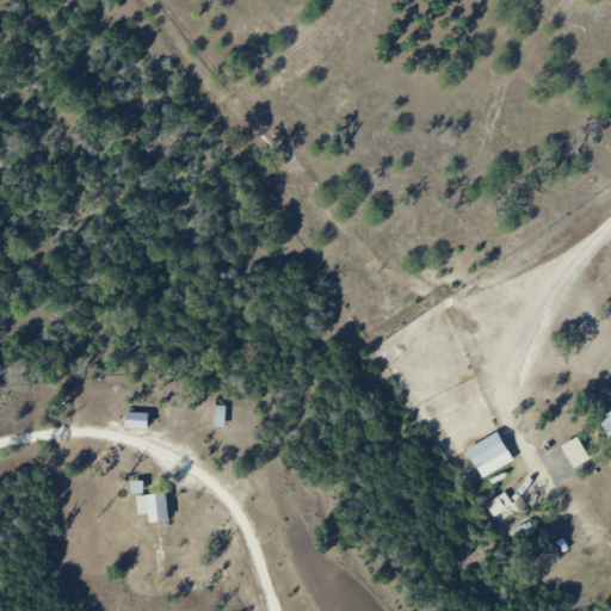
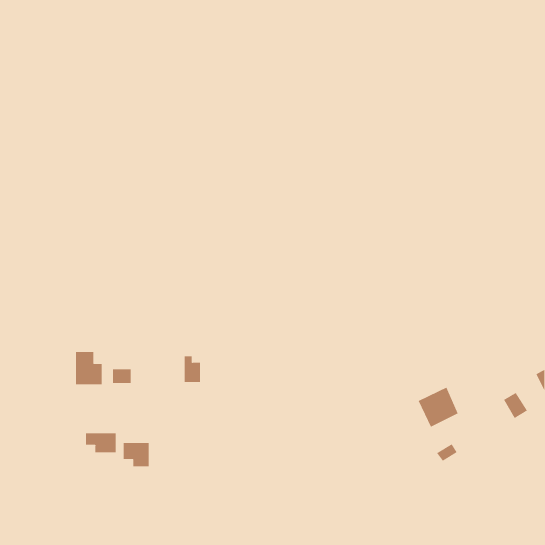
building: none -> [75,351,102,385]
building: none -> [86,432,116,453]

